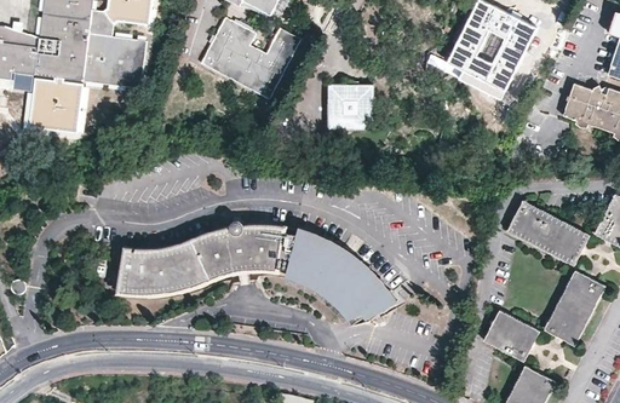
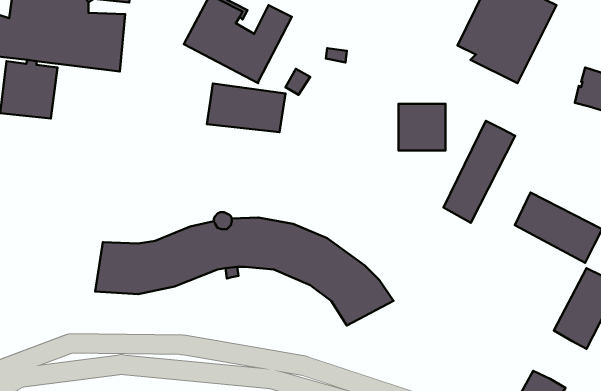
building: [327,85,371,128] -> [399,104,446,151]
building: none -> [207,84,286,132]
building: none -> [443,121,515,223]
building: [483,310,538,361] -> none

